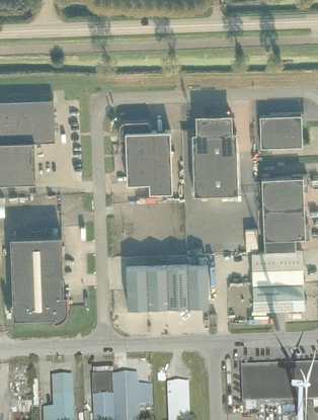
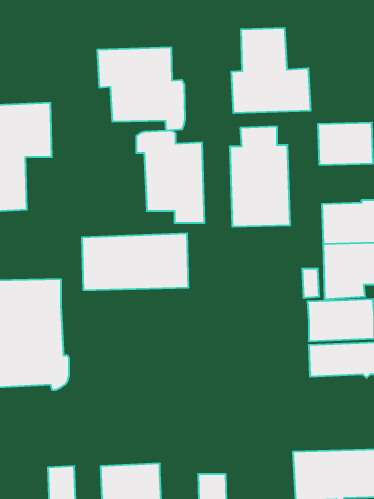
building: none -> [231,28,311,113]
building: none -> [97,47,185,131]
building: [127,264,209,308] -> [82,233,189,290]

